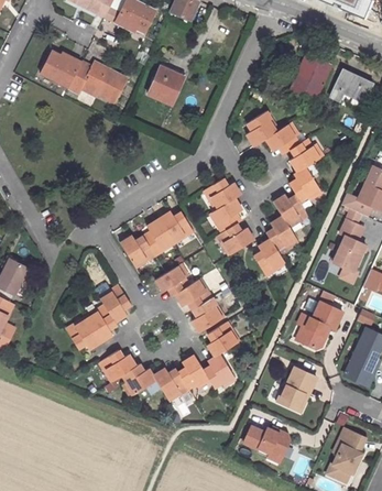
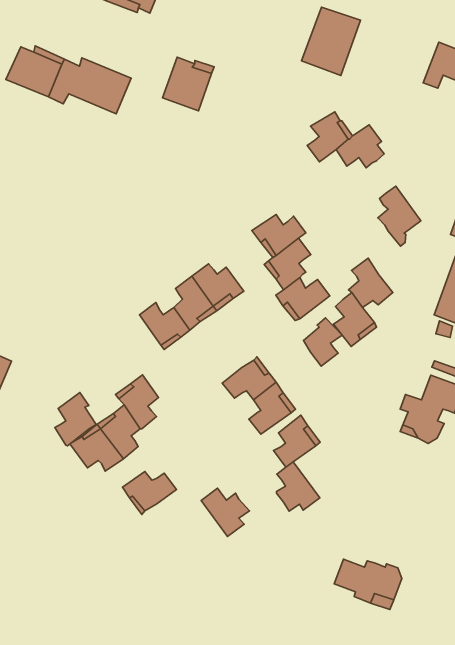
building: [290,53,332,101] -> [302,7,360,75]
building: [290,140,321,172] -> none
building: [273,194,306,228] -> none
building: none -> [303,318,342,366]
building: [154,264,188,295] -> none
building: none -> [55,393,96,446]
building: [179,354,210,390] -> none
building: [122,365,156,397] -> none
building: [275,365,316,410] -> none

